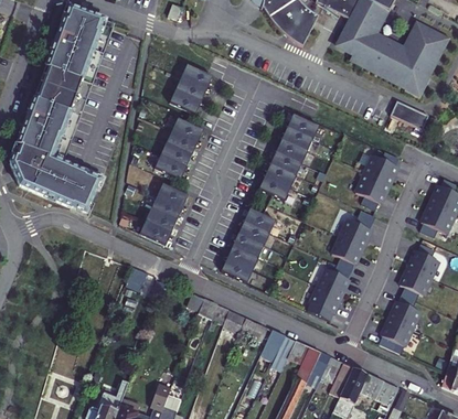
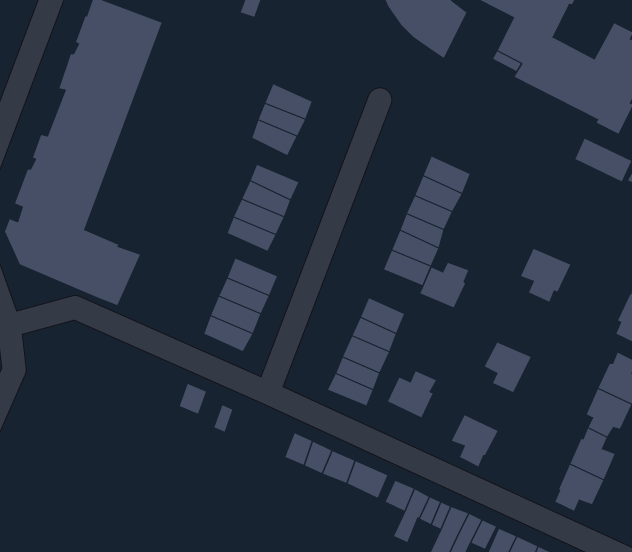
building: [363,152,397,185] -> none
building: [339,216,372,247] -> [420,262,469,308]
building: [317,265,350,297] -> [387,370,437,418]

